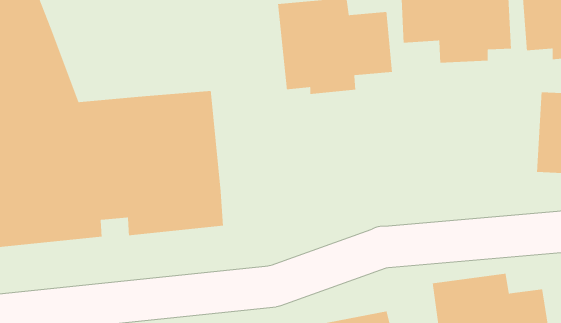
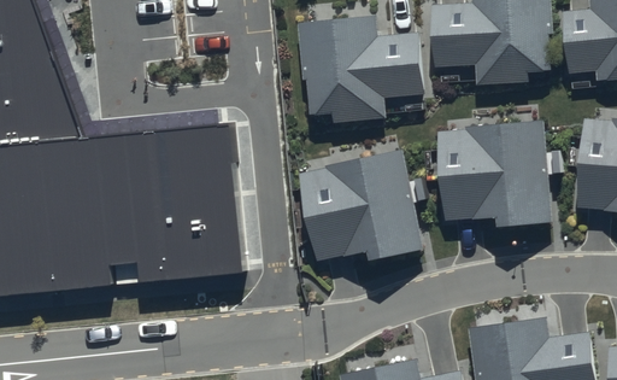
building: none -> [441,125,560,234]
building: none -> [304,156,429,267]

